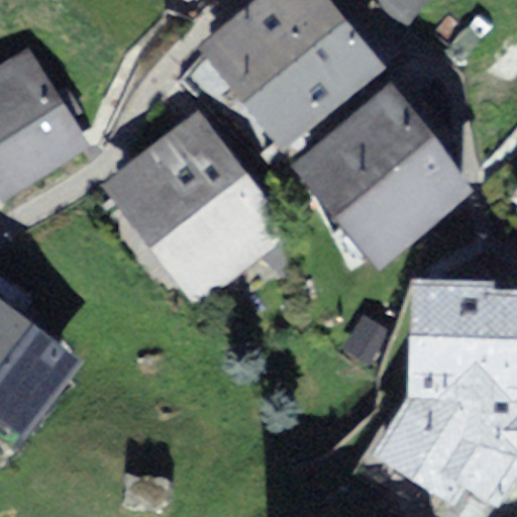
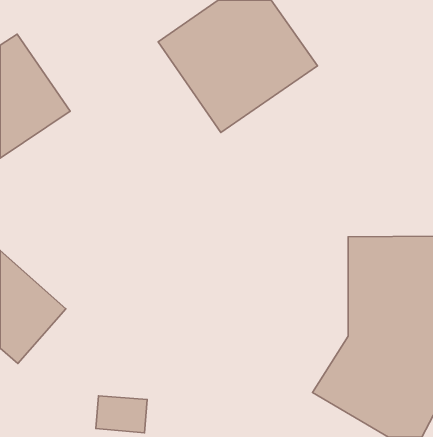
building: [282,84,467,272] -> none
building: [97,107,286,305] -> none

